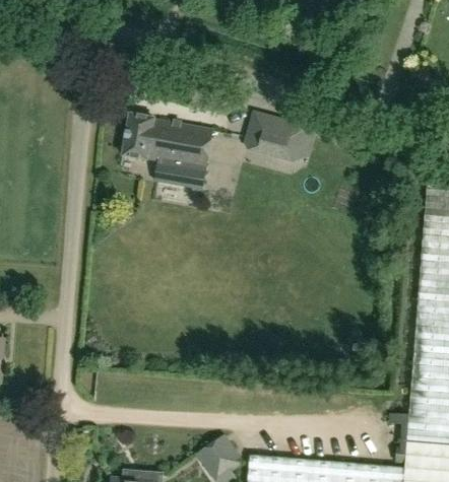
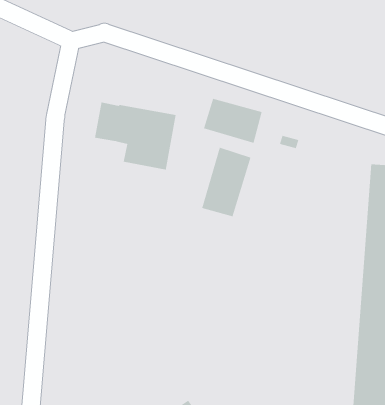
building: none -> [202,147,251,217]

